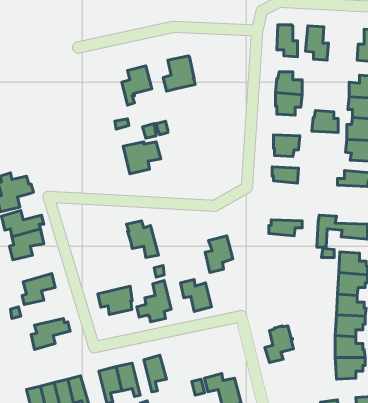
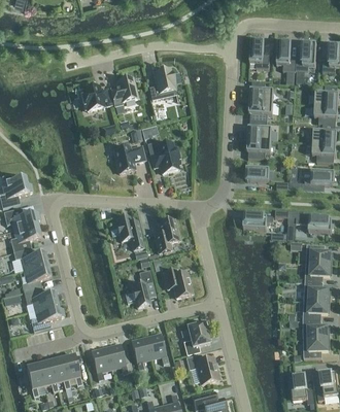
building: none -> [296,42,316,71]
building: none -> [80,85,111,110]
building: [312,111,338,132] -> [247,121,271,140]
building: none -> [147,141,181,174]
building: [205,236,233,273] -> [155,219,179,252]
building: none -> [13,247,48,271]
building: [98,286,132,314] -> none
building: none -> [24,287,59,310]
building: [265,326,294,362] -> [183,322,209,355]
building: none -> [145,334,168,364]

